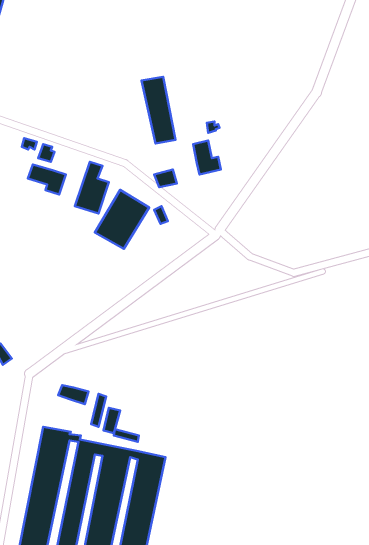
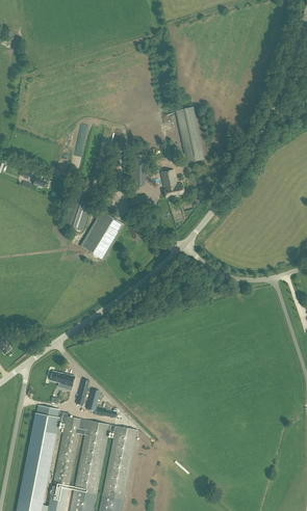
building: [142,77,176,144] -> [175,107,203,162]
building: [28,164,66,194] -> none

